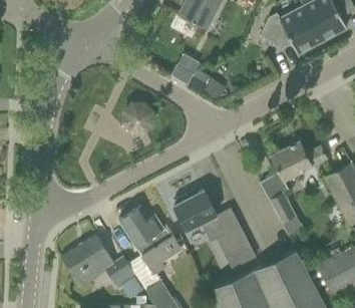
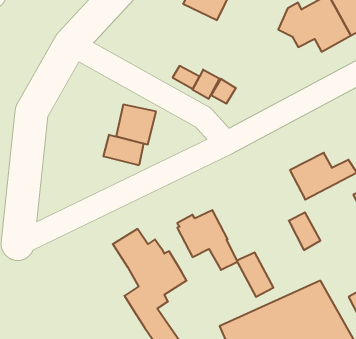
building: none -> [104,135,144,165]
building: [61,235,136,290] -> none

